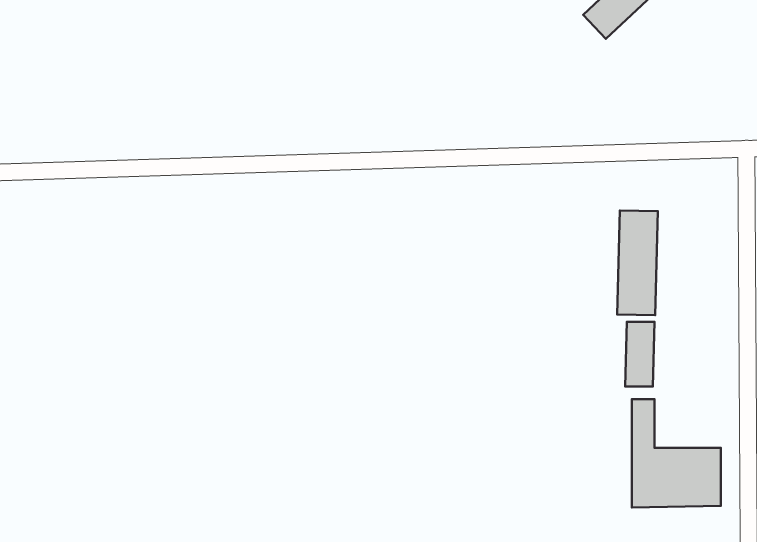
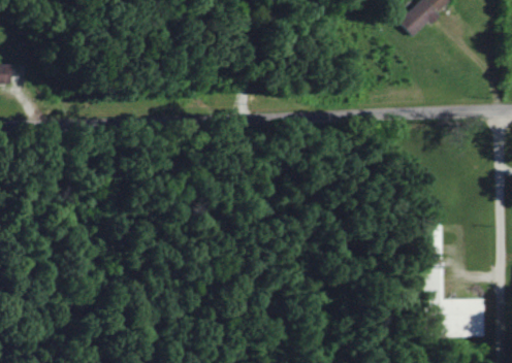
building: [617,210,658,315] -> none

